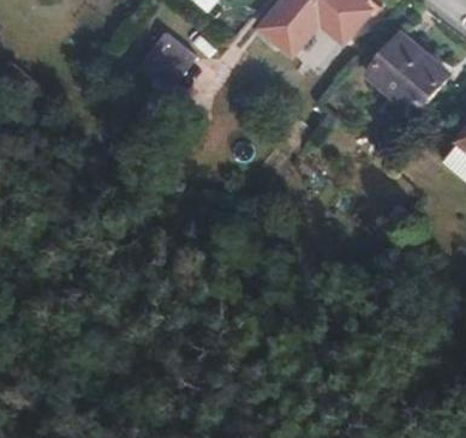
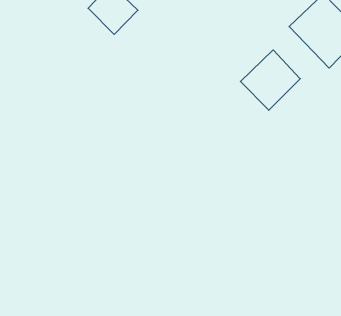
building: none -> [240,50,300,110]

